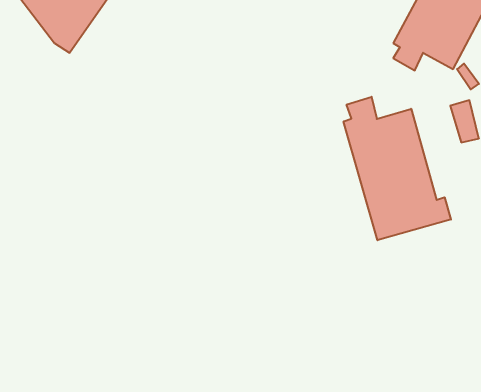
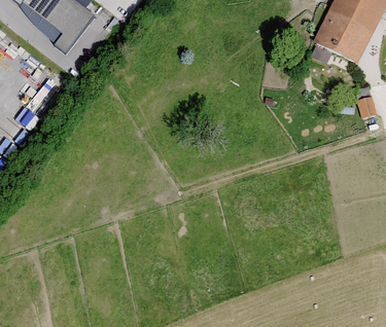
building: [344,97,451,240] -> none

